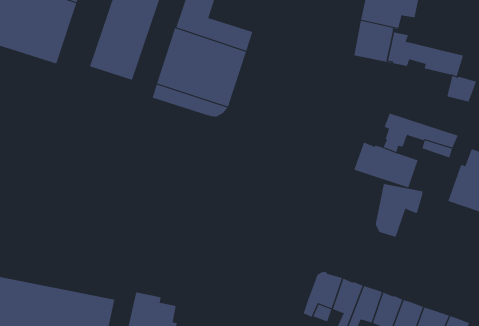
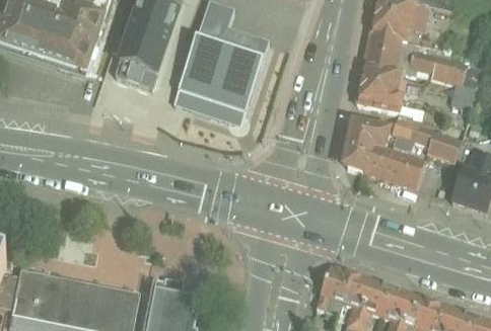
building: none -> [355,65,402,111]
building: [375,184,423,237] -> [343,121,389,172]

